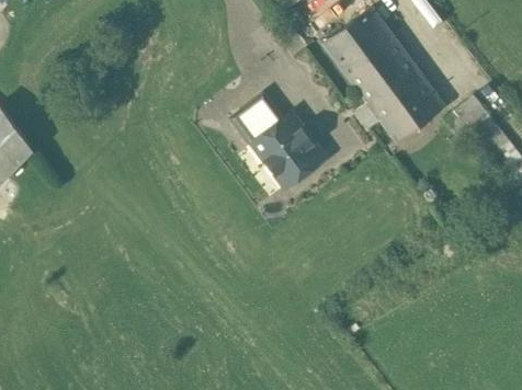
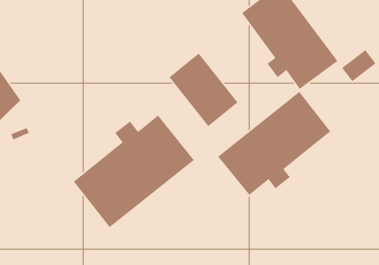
building: none -> [217,91,331,196]
building: none -> [73,115,195,228]

